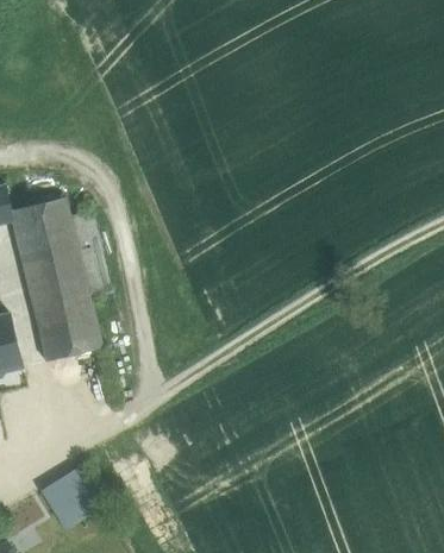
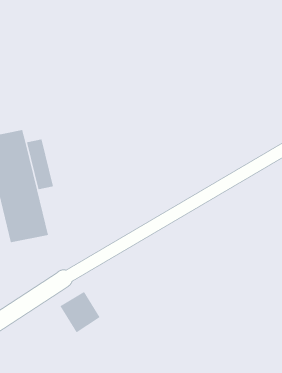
building: [39,471,98,530] -> [59,291,101,333]

